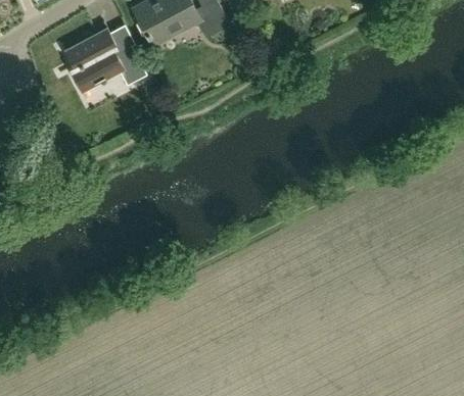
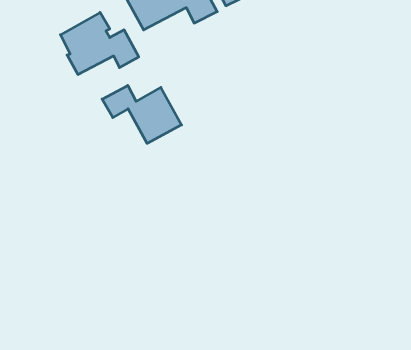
building: none -> [102,85,182,143]

